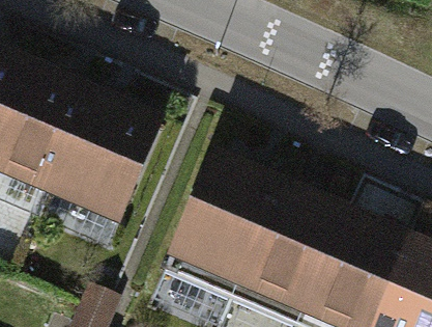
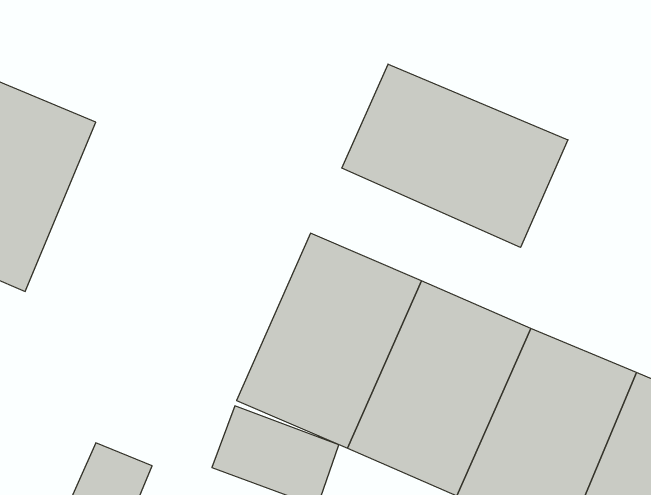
building: none -> [342,64,568,247]
building: [48,98,159,226] -> none

